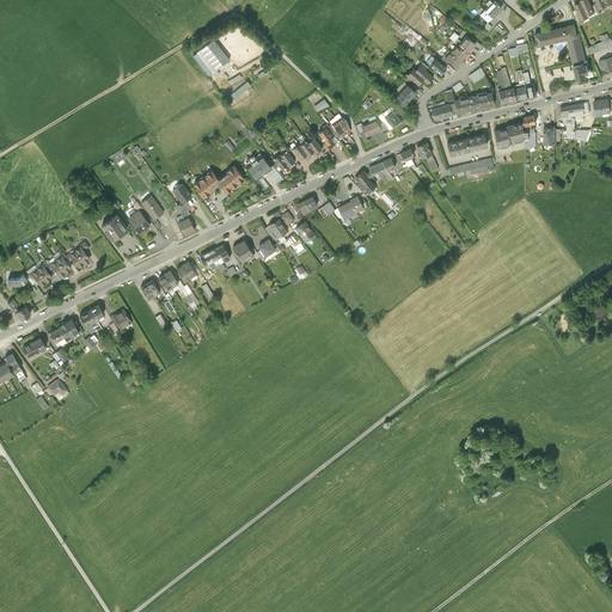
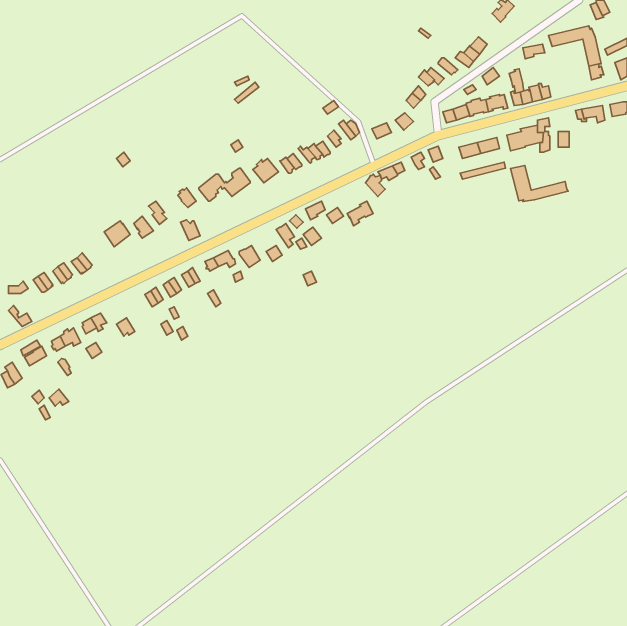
building: [196,41,230,79] -> none
building: none -> [511,166,568,201]

